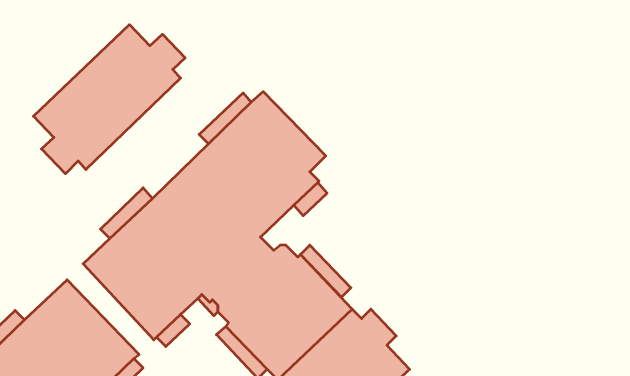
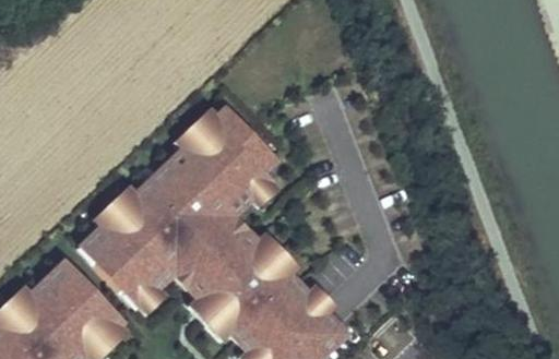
building: [33,25,185,174] -> none

